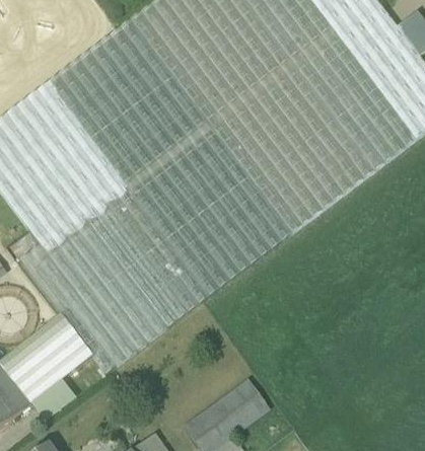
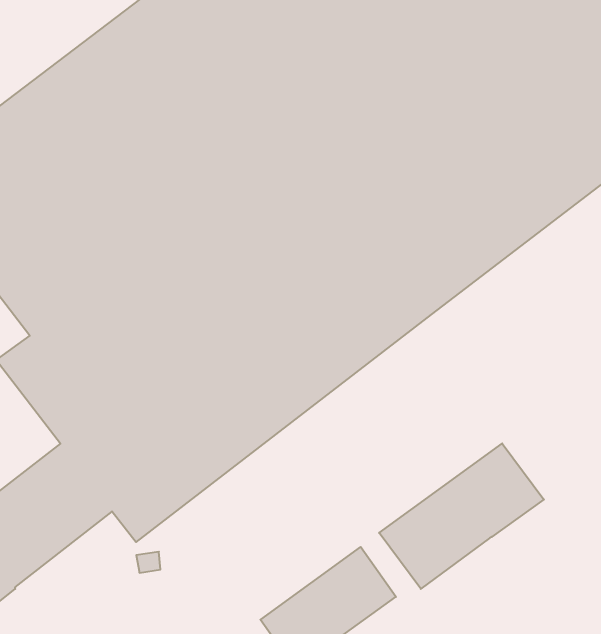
building: none -> [379,443,544,589]

